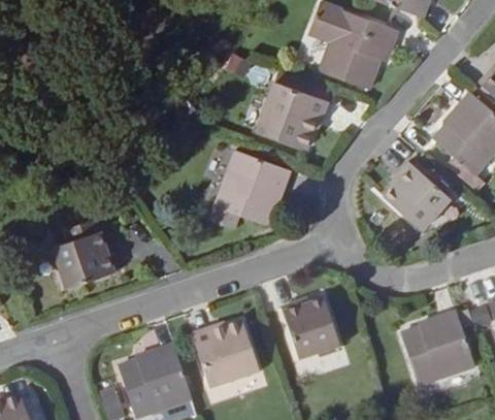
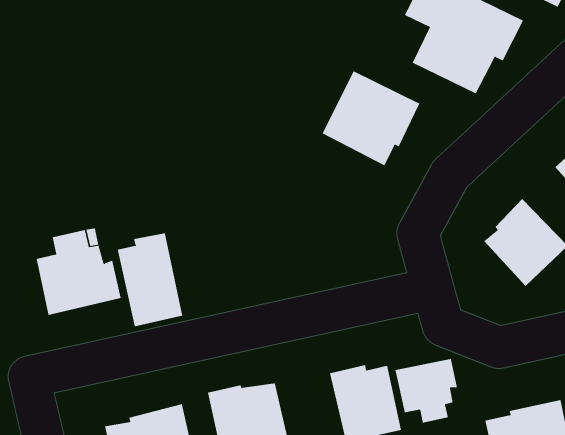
building: [214,150,292,225] -> none
building: none -> [117,232,183,327]
building: none -> [395,358,458,423]

